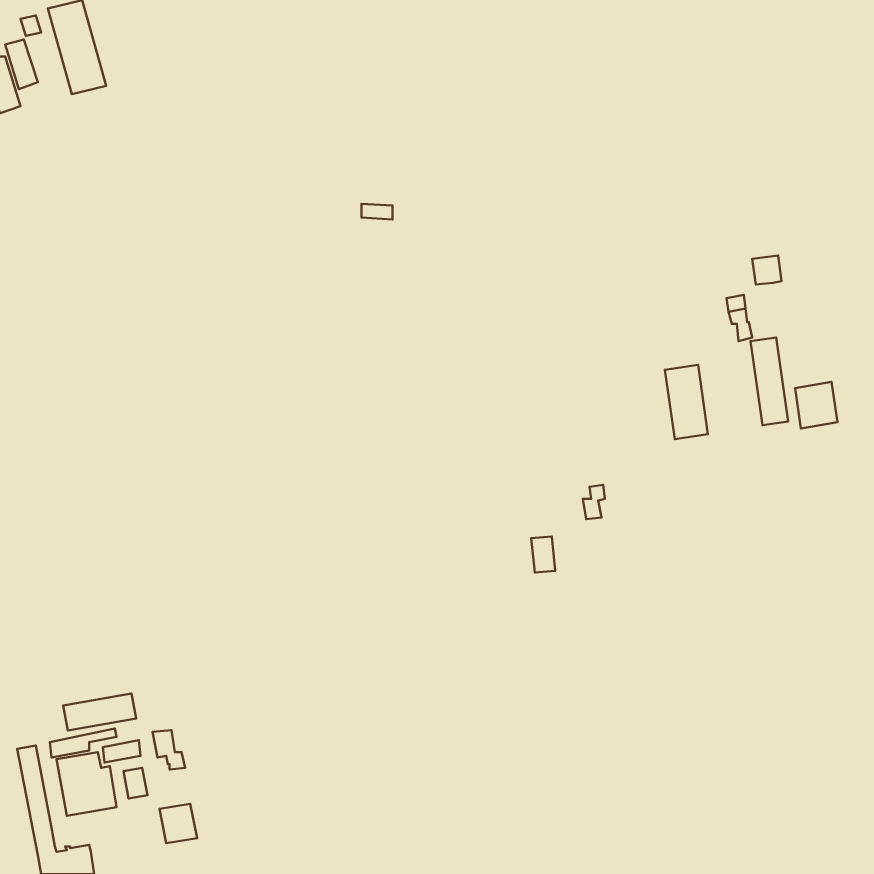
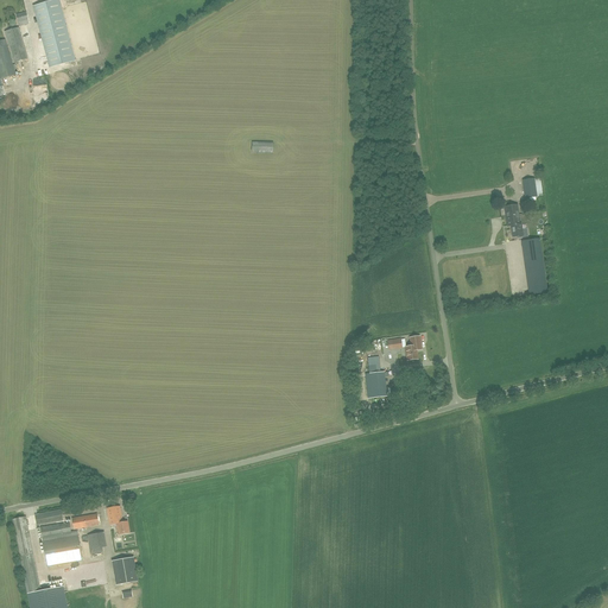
building: [665,365,708,439] -> none
building: [795,382,837,429] -> none
building: [63,694,136,730] -> none

